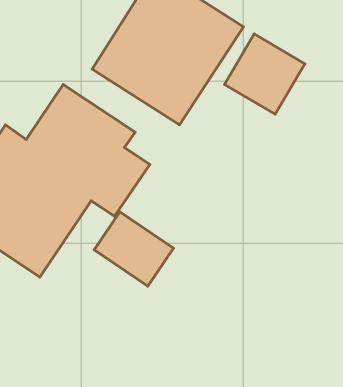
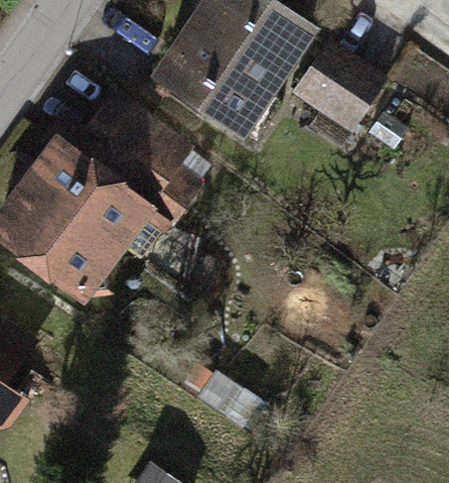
building: [94,212,173,286] -> none

